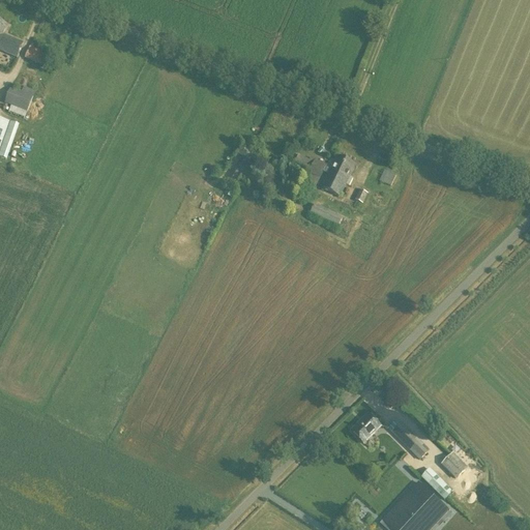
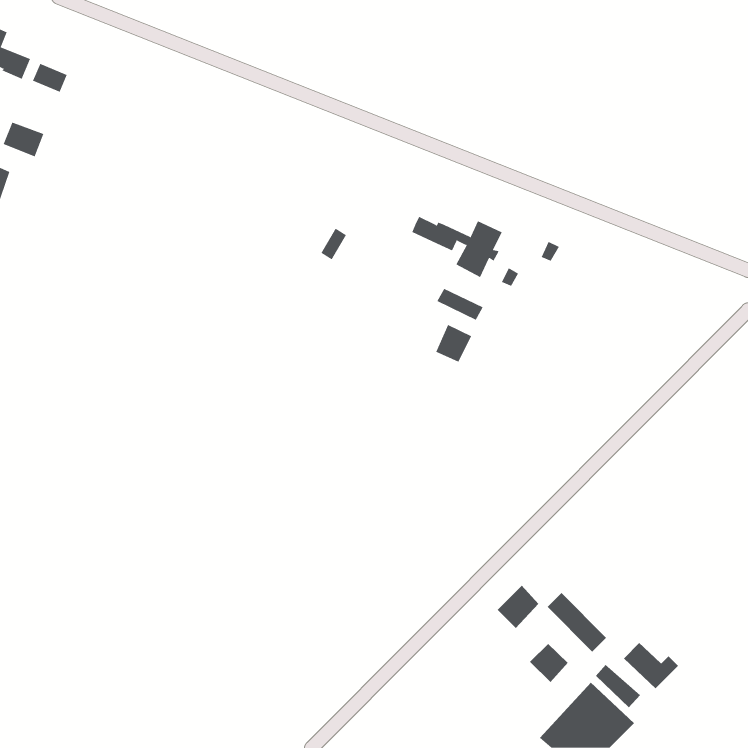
building: none -> [435,324,472,363]
building: none -> [529,643,569,683]

